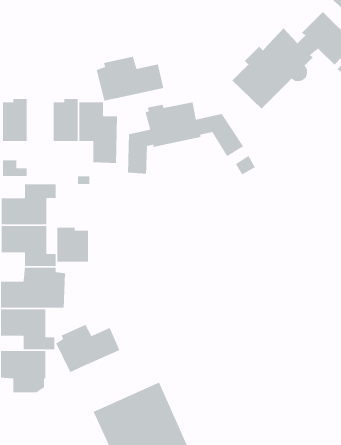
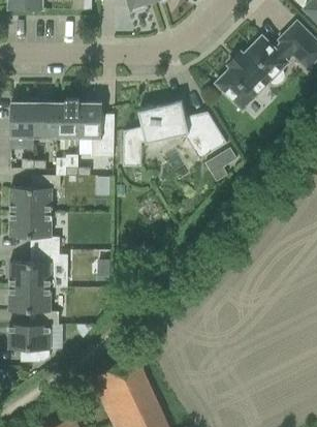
building: [96,56,164,101] -> none
building: none -> [33,98,56,138]
building: [56,227,89,263] -> none
building: [55,324,121,373] -> none

